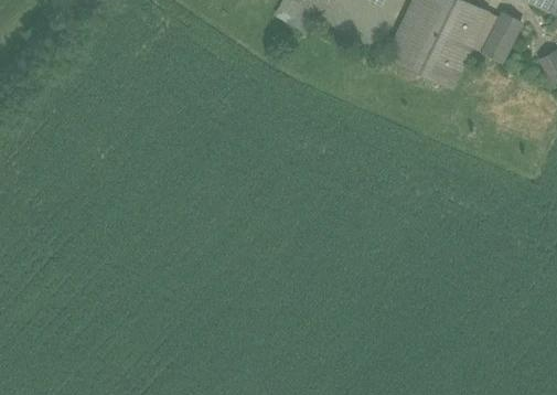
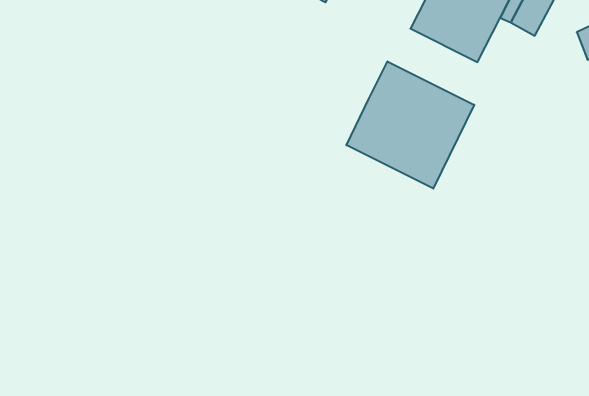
building: none -> [346,61,474,189]

